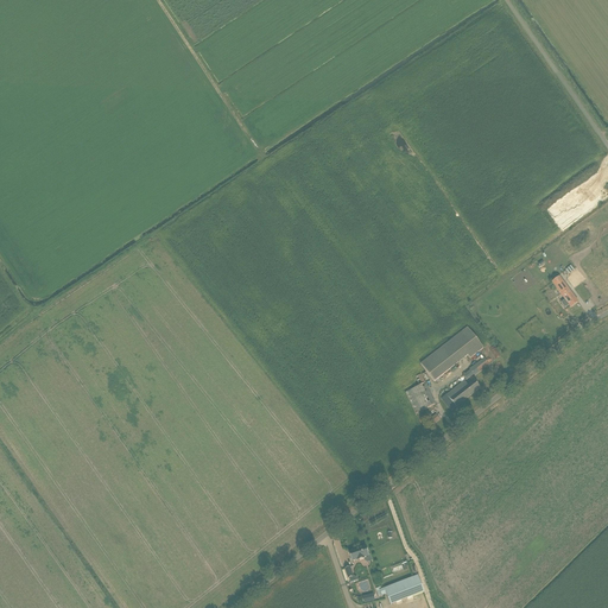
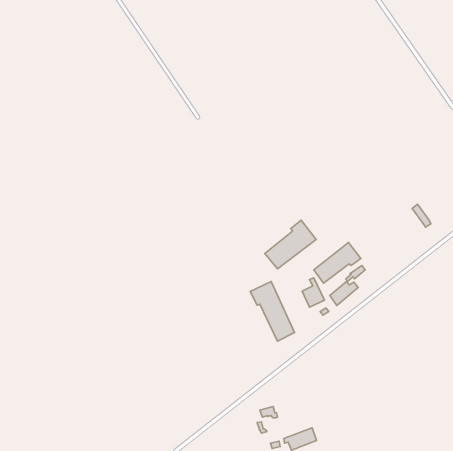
building: none -> [265,220,316,269]
building: none -> [250,281,295,341]

